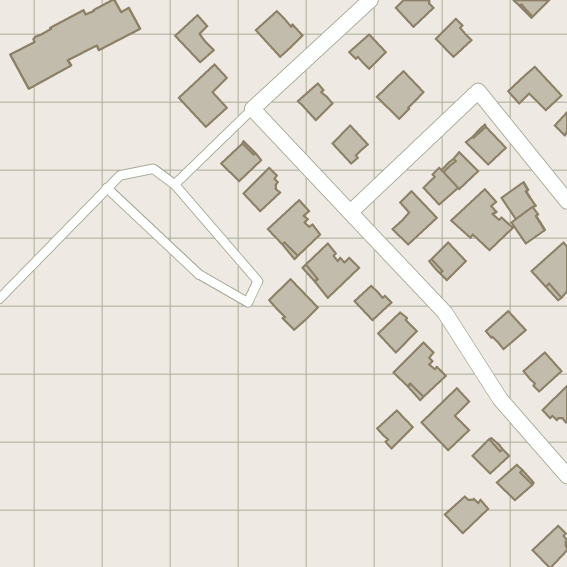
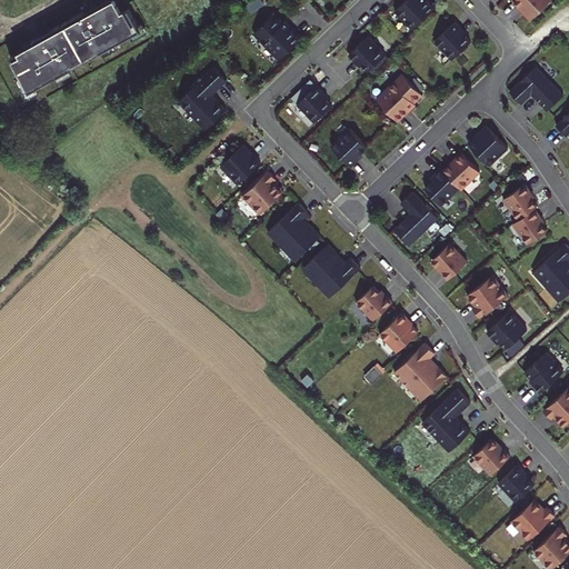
building: [175,15,214,62] -> none
building: [451,189,513,250] -> none
building: none -> [470,277,507,318]
building: [269,279,318,330] -> none
building: [377,410,413,449] -> none
building: [445,497,488,533] -> [510,503,553,540]

